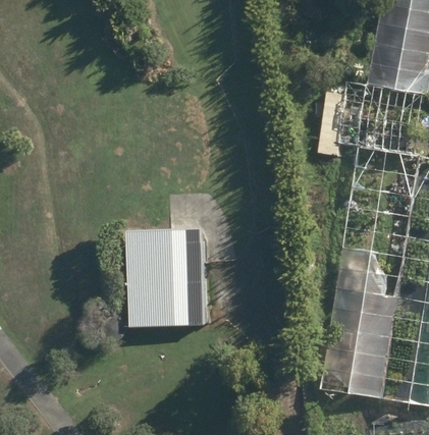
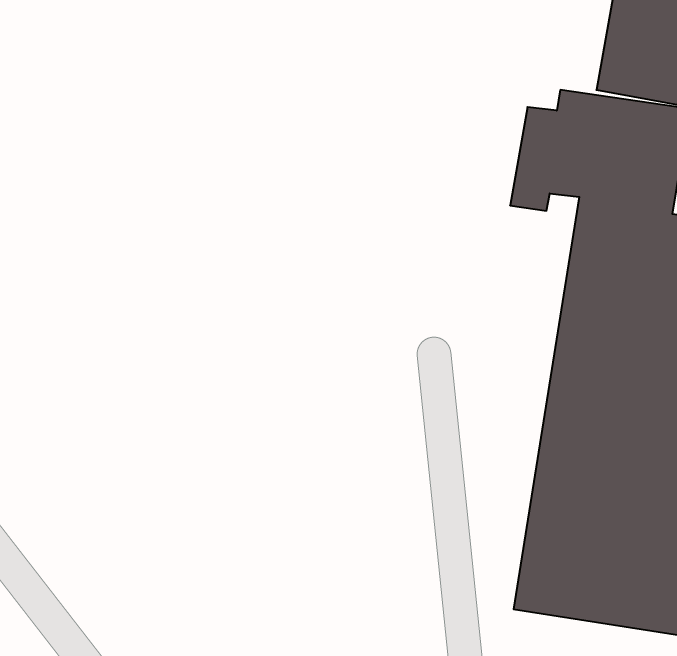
building: [127,227,208,326] -> none

